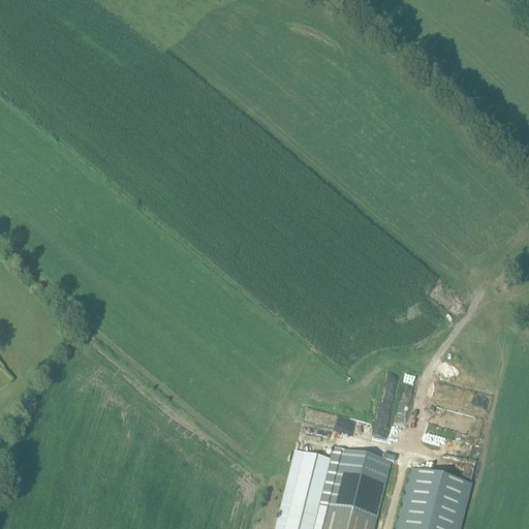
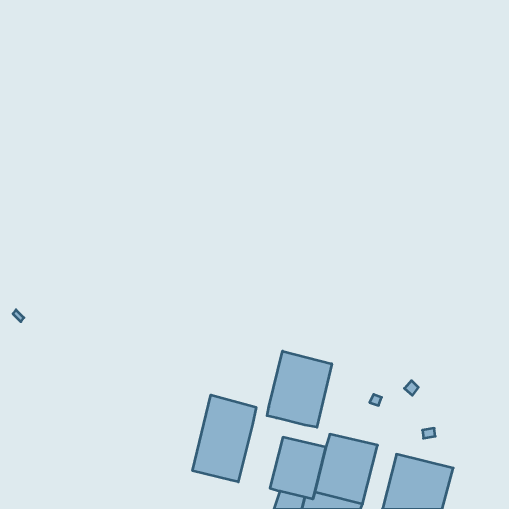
building: none -> [267,351,332,427]
building: none -> [193,395,256,482]

